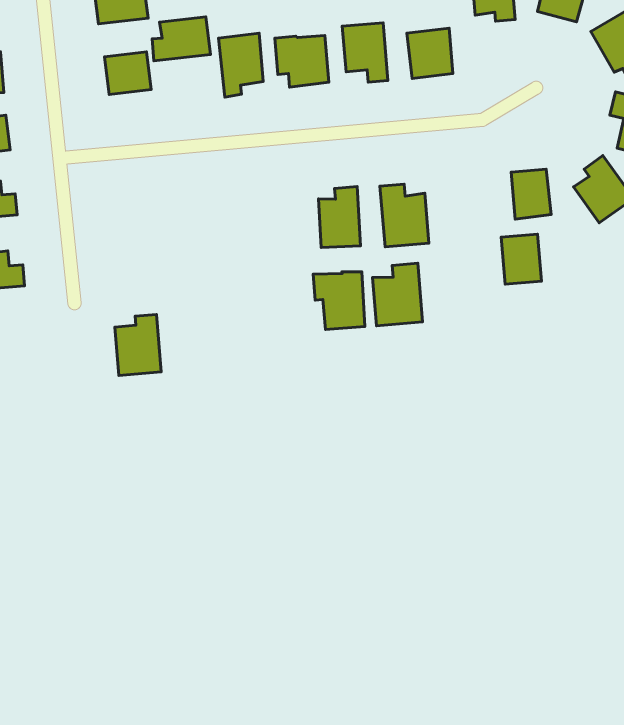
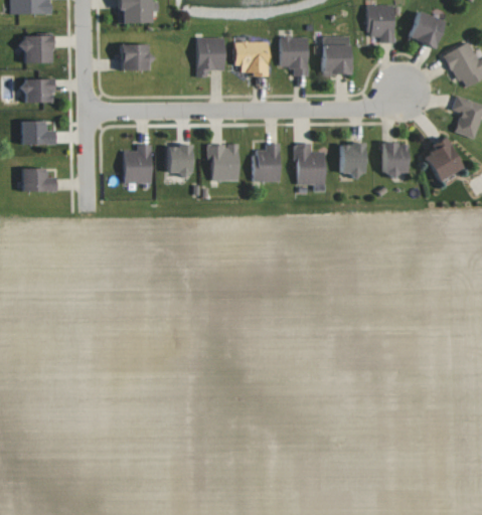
building: [152,17,210,61] -> none
building: none -> [168,145,192,172]
building: [501,234,541,284] -> [341,143,365,174]
building: [372,263,423,326] -> none
building: [313,272,365,330] -> [207,144,239,181]
building: [115,314,161,376] -> [124,145,152,183]

